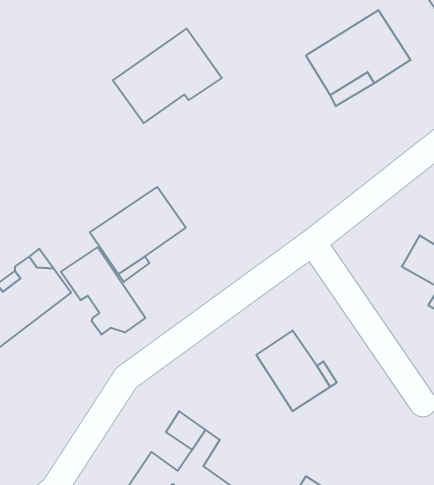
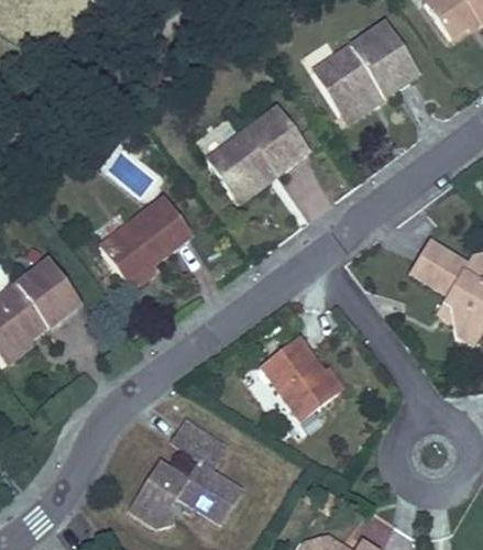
building: [113,28,222,123] -> [204,103,312,198]
building: [61,247,145,335] -> none

